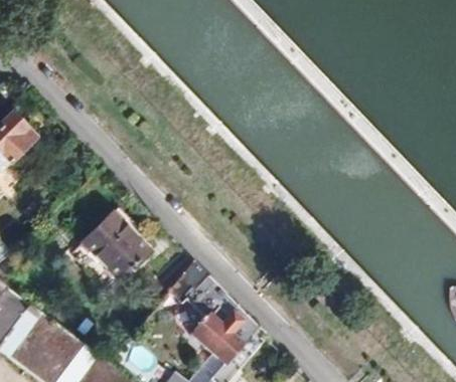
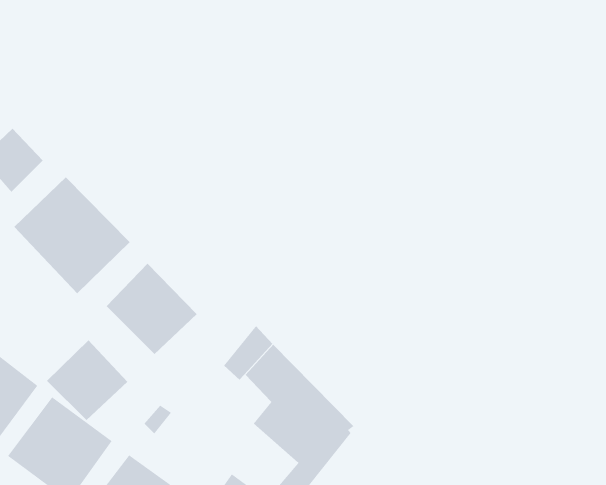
building: none -> [13,176,131,294]
building: none -> [46,339,128,421]

